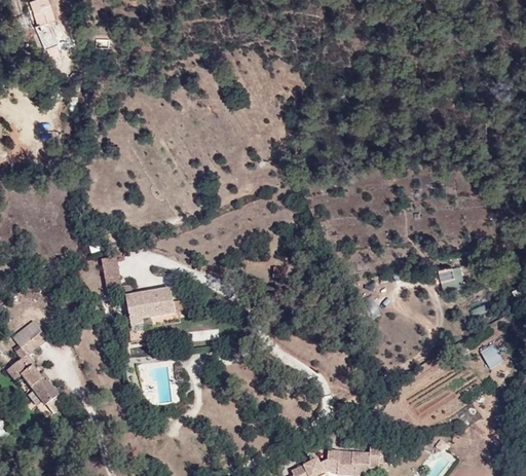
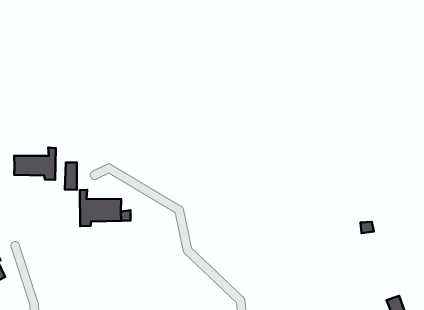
building: none -> [14,147,56,180]

